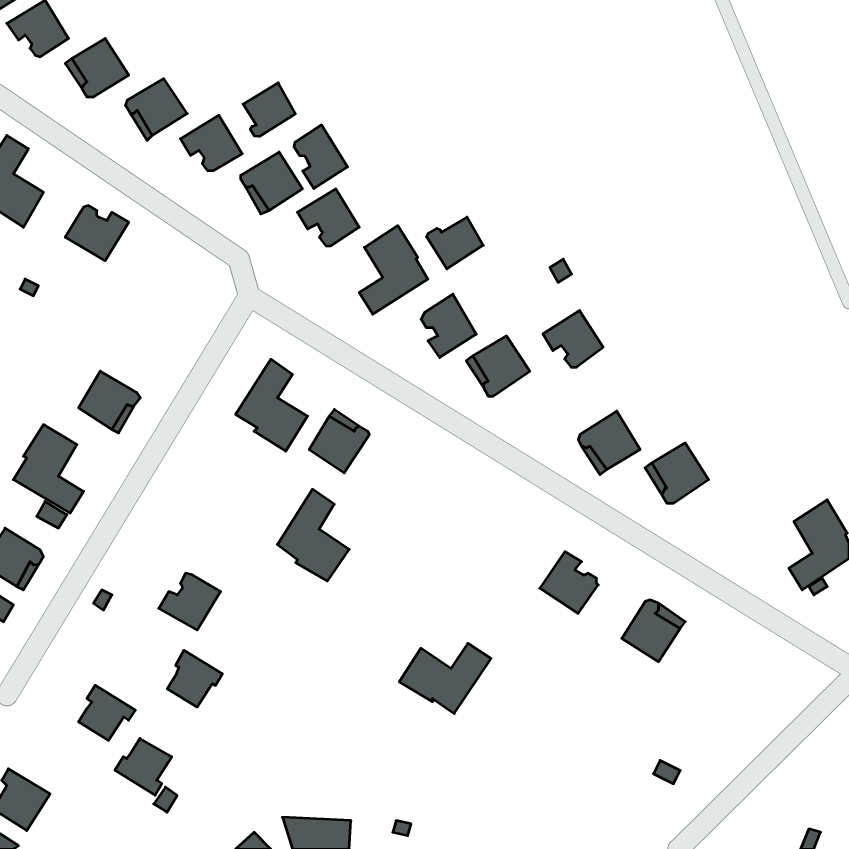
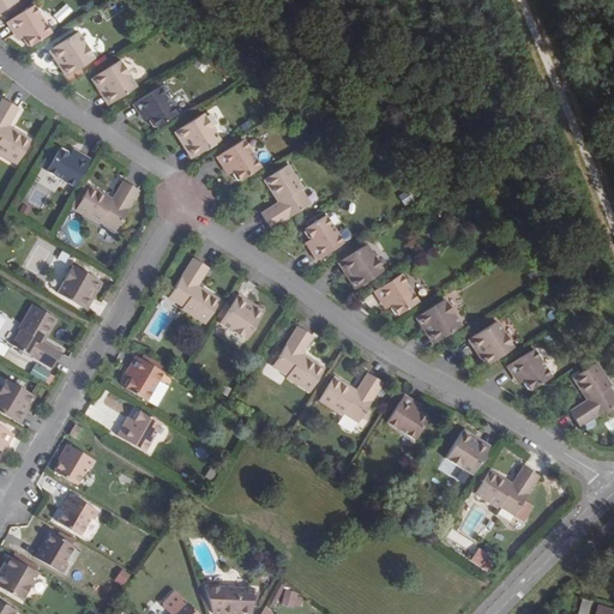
building: [243,83,295,136] -> none
building: [294,125,348,189] -> none
building: [426,217,483,269] -> none
building: none -> [77,180,142,229]
building: [543,310,603,367] -> [373,270,416,311]
building: none -> [505,345,548,386]
building: [277,489,349,581] -> [273,326,325,392]
building: none -> [124,355,164,399]
building: [399,643,491,714] -> [319,373,385,423]
building: none -> [471,466,540,516]
building: [167,650,222,707] -> [54,440,94,481]
building: [115,738,172,795] -> [32,530,73,571]

